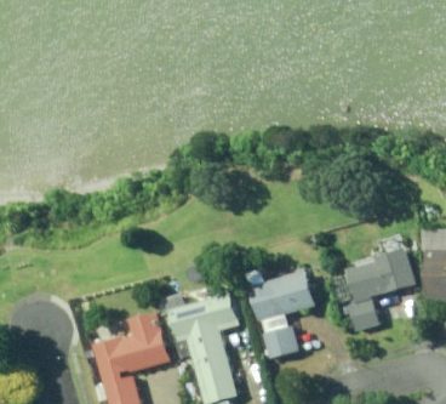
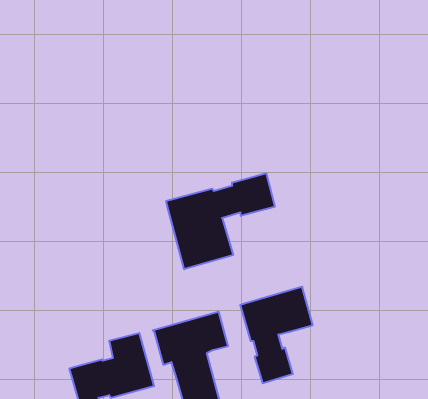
building: none -> [166,173,275,269]
building: [345,249,414,331] -> none

